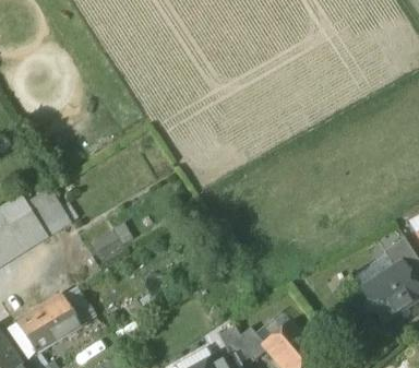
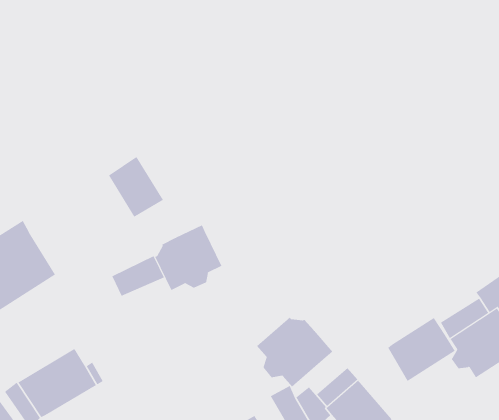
building: [25,189,70,238] -> [108,156,164,218]
building: none -> [155,225,222,291]
building: none -> [256,316,333,387]
building: none -> [387,317,456,382]

